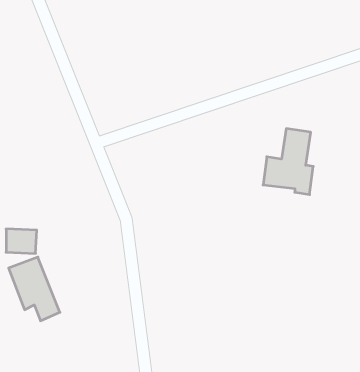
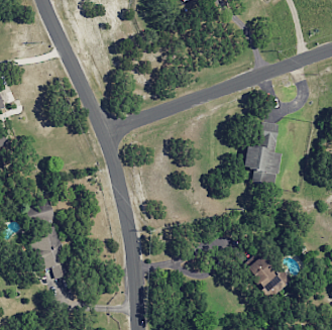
building: none -> [250,260,283,303]

